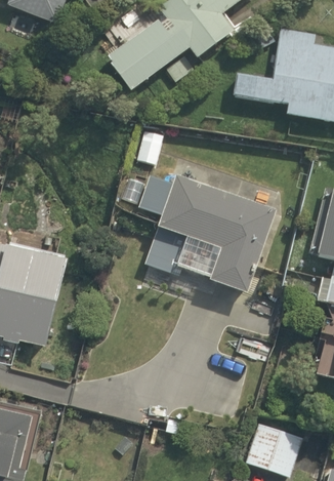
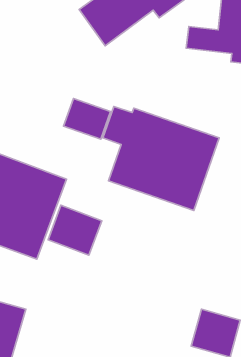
building: none -> [63,99,111,139]
building: none -> [48,205,102,255]

